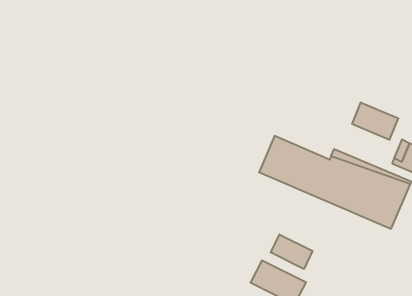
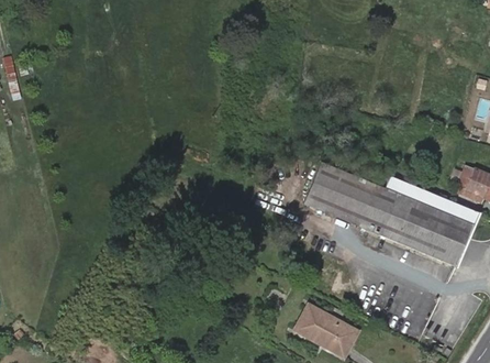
building: [352,102,398,140] -> none
building: [271,234,313,269] -> none

